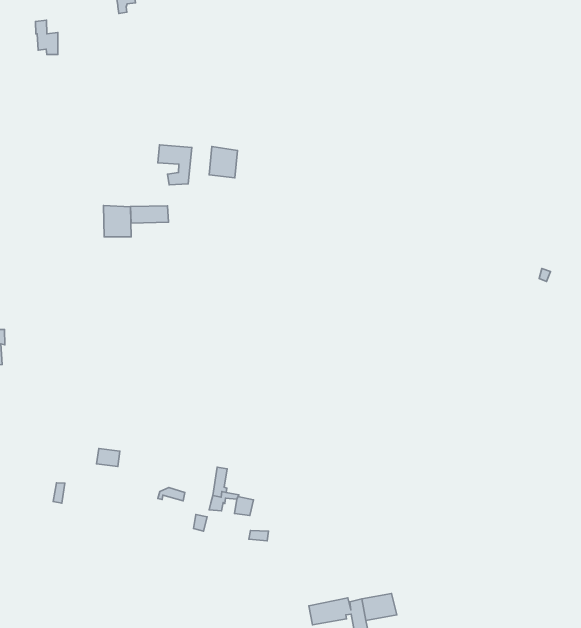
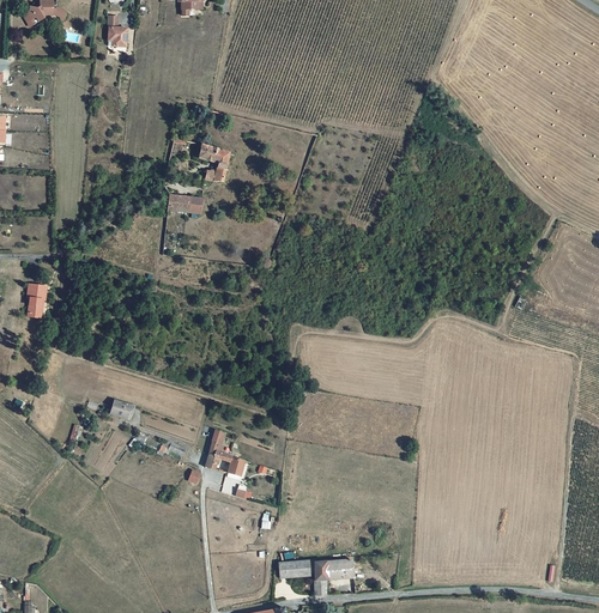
building: [209,147,237,178] -> none
building: [103,205,131,237] -> none

